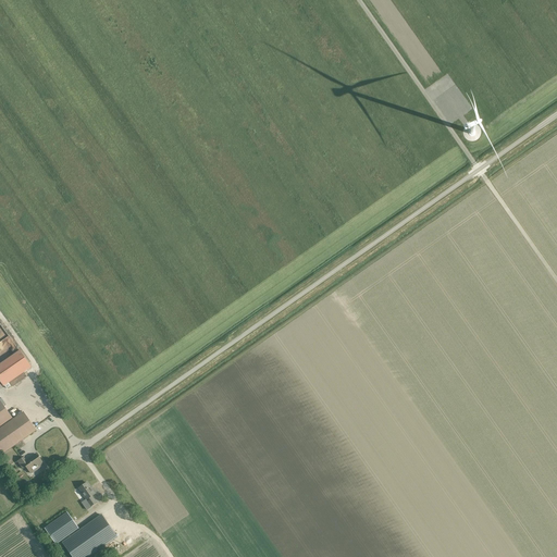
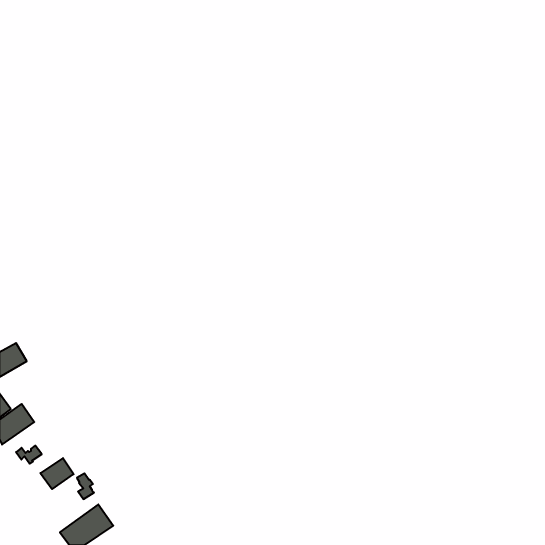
building: [44,511,77,543] -> [40,458,74,489]

